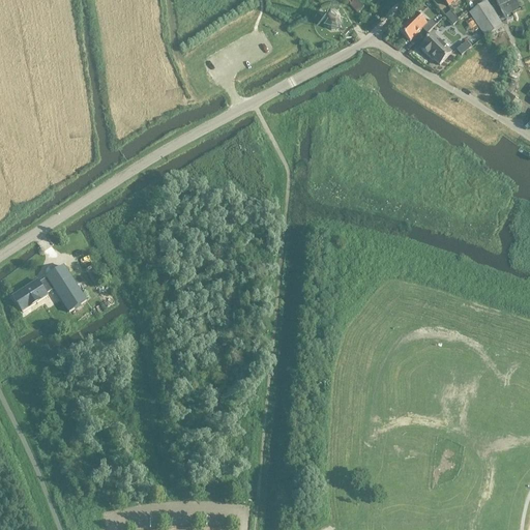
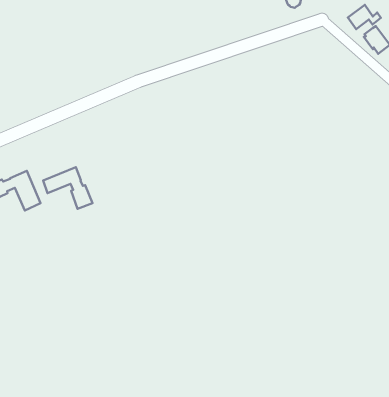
building: none -> [43,167,93,209]

